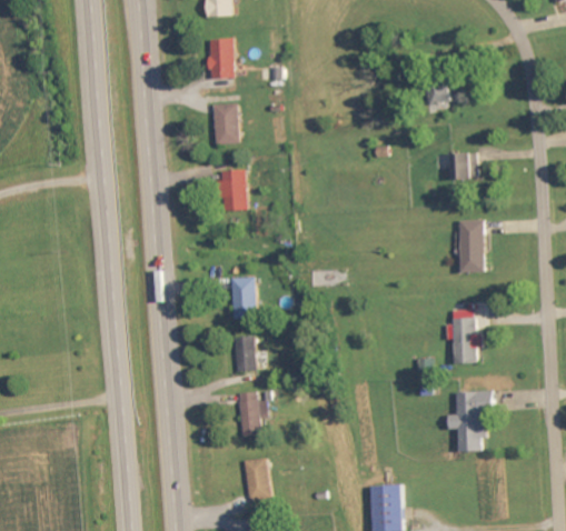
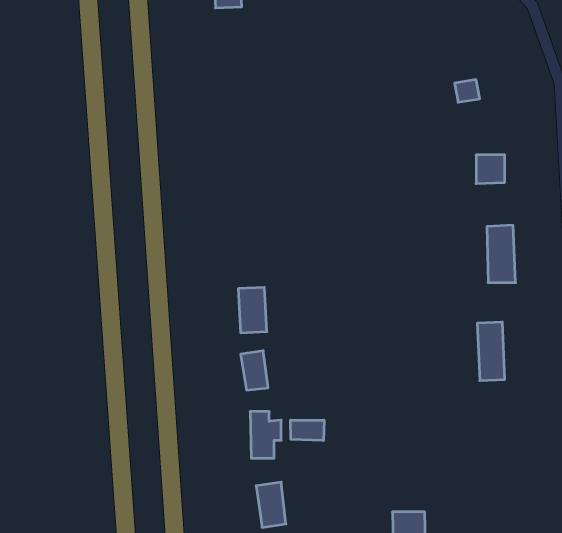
building: [209,39,234,79] -> none
building: [215,103,239,144] -> none
building: [221,170,246,211] -> none
building: [449,390,493,452] -> none
building: none -> [291,420,324,441]

